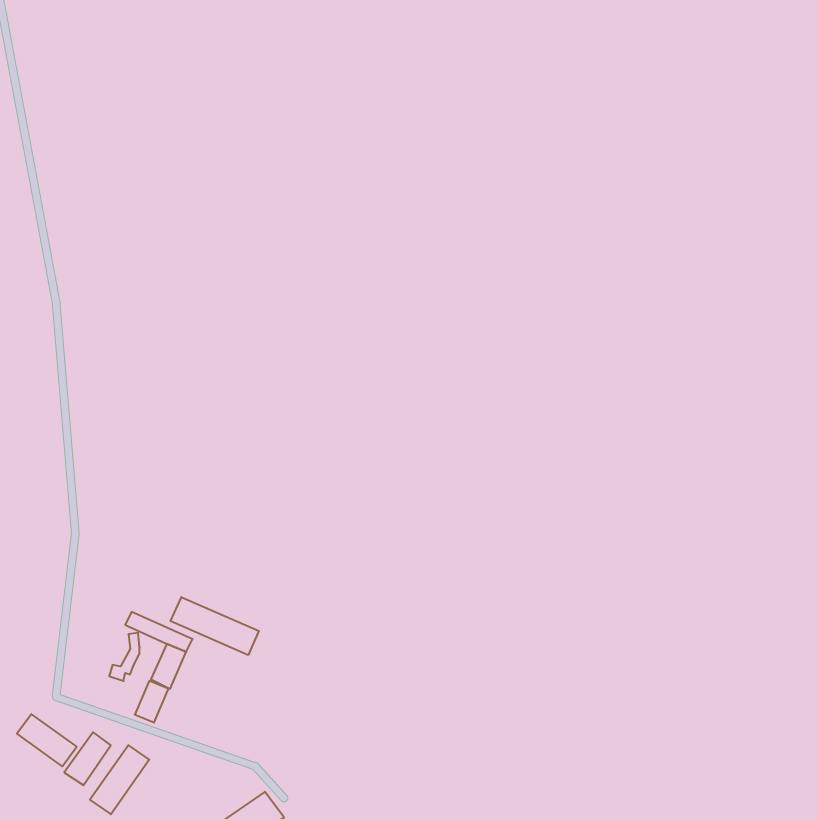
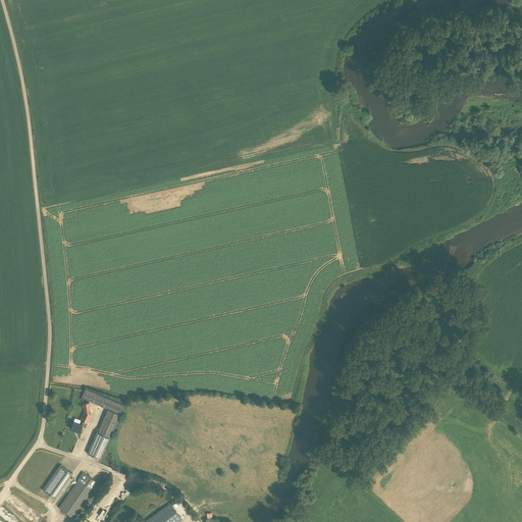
building: [171,597,259,655] -> none
building: [17,714,77,766] -> none

